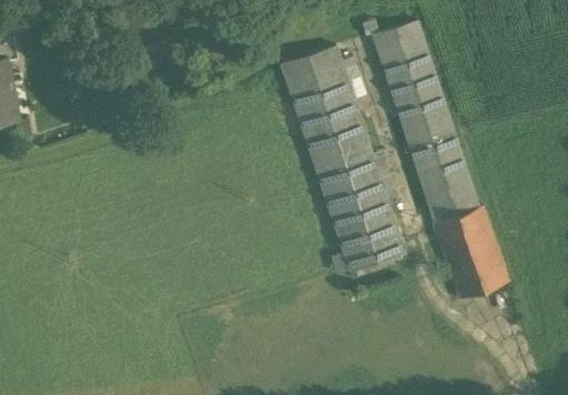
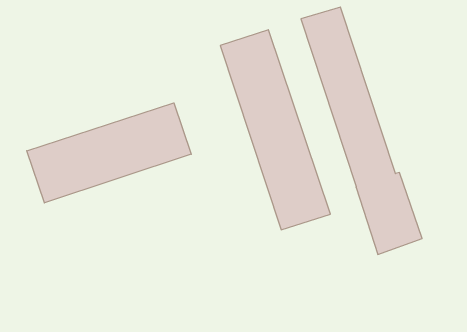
building: none -> [27,103,191,203]

